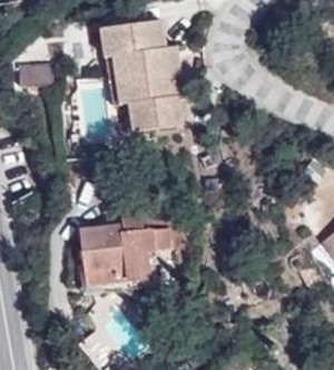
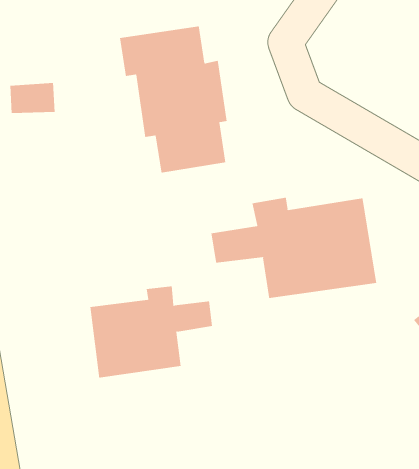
building: none -> [211,197,377,299]

